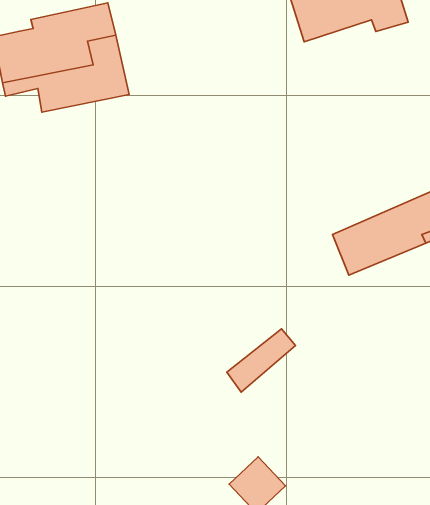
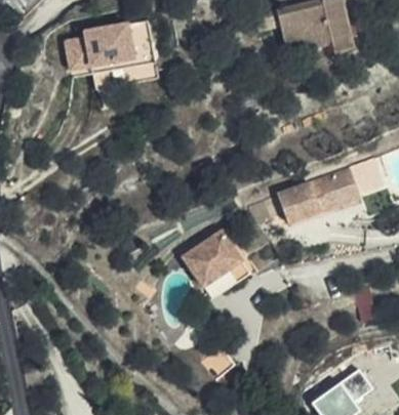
building: none -> [184,223,242,278]

